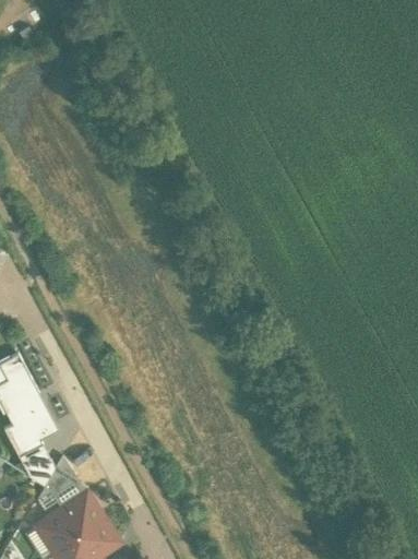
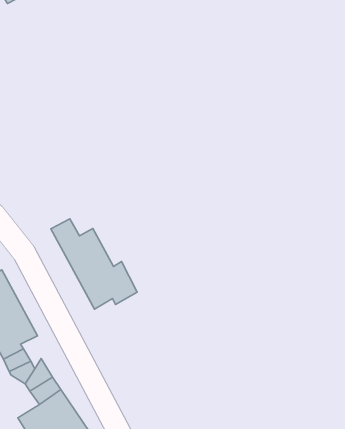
building: none -> [51,219,137,309]

